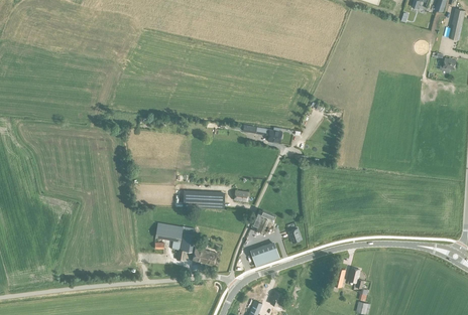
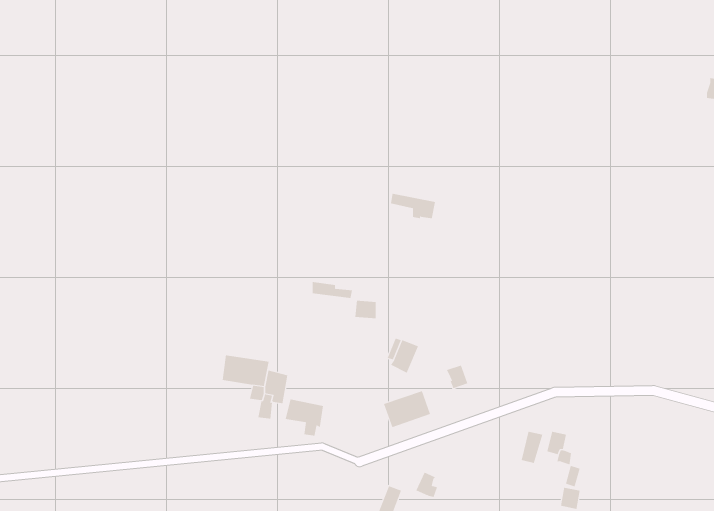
building: [184,190,224,206] -> none

